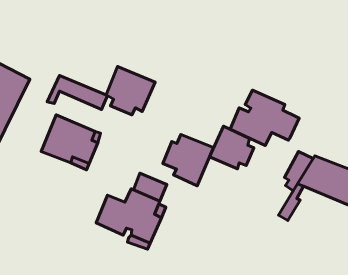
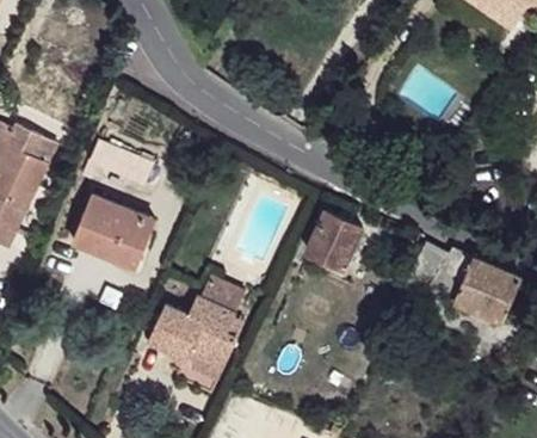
building: [106,66,155,115] -> none
building: [230,90,299,146] -> none
building: [163,134,213,186] -> none

